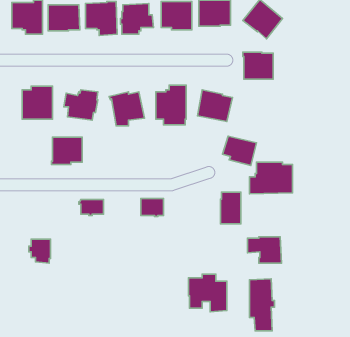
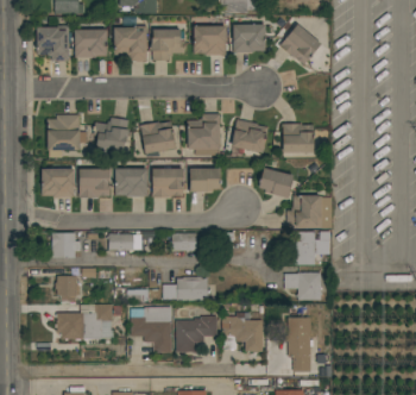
building: [243,52,273,79] -> [282,124,314,152]
building: none -> [152,168,183,197]
building: none -> [190,168,221,192]
building: none -> [42,169,75,196]
building: none -> [115,169,147,196]
building: [220,192,241,224] -> [294,232,315,265]
building: none -> [52,233,81,258]
building: none -> [162,277,207,301]
building: none -> [56,305,114,340]
building: none -> [131,308,171,352]
building: none -> [176,316,218,351]

